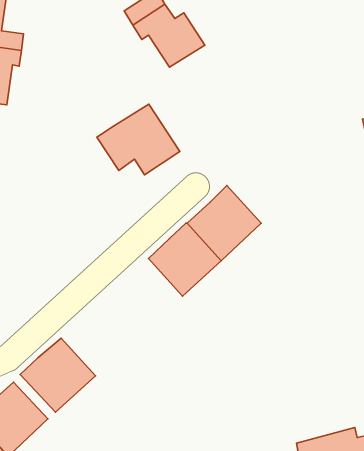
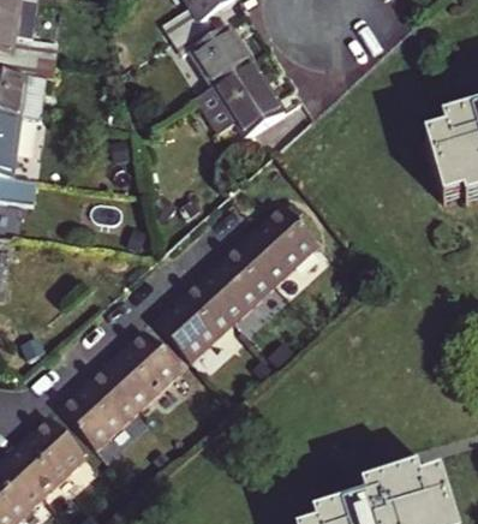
building: [97,104,180,175] -> [202,49,292,126]
building: none -> [155,281,234,362]
building: none -> [102,328,183,409]

